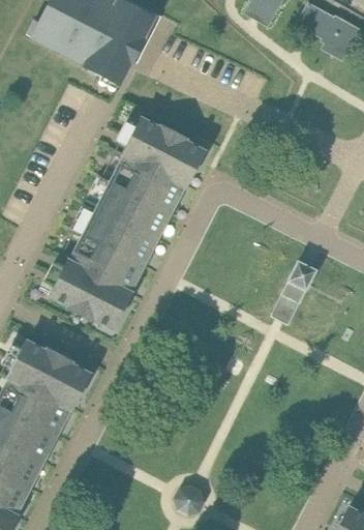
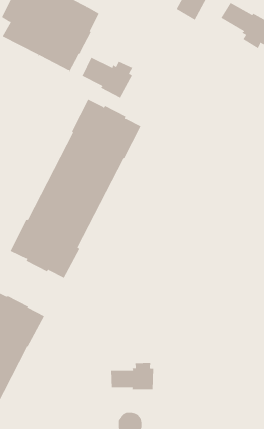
building: none -> [82,57,133,99]
building: [280,259,316,305] -> none
building: none -> [111,362,154,390]

